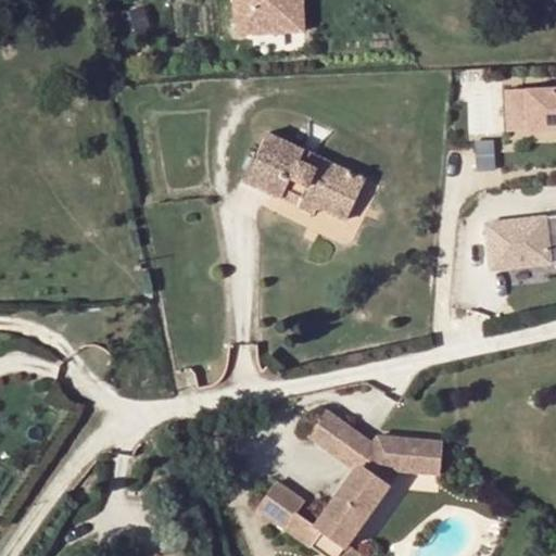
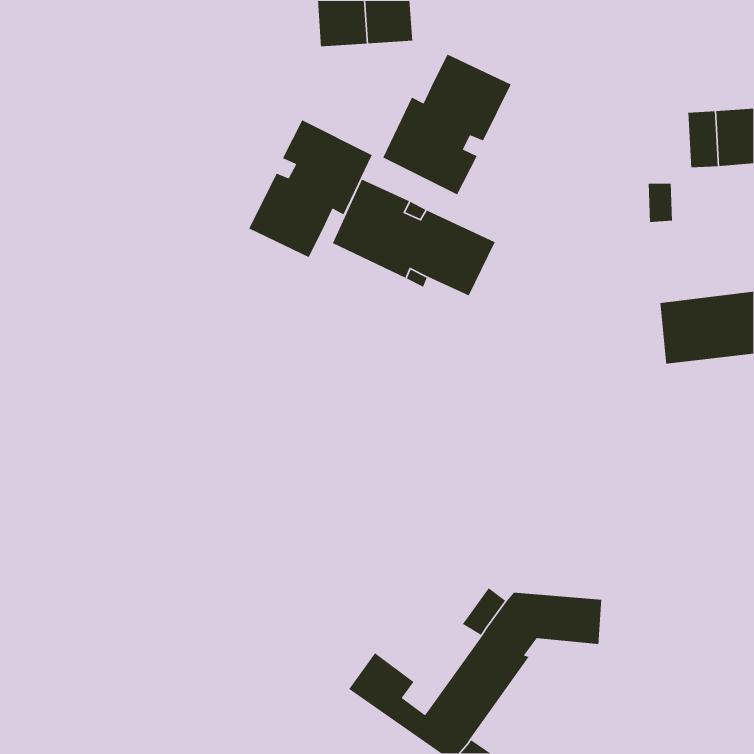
building: none -> [382,53,512,195]
building: none -> [248,119,373,258]
building: [307,409,359,459] -> none

